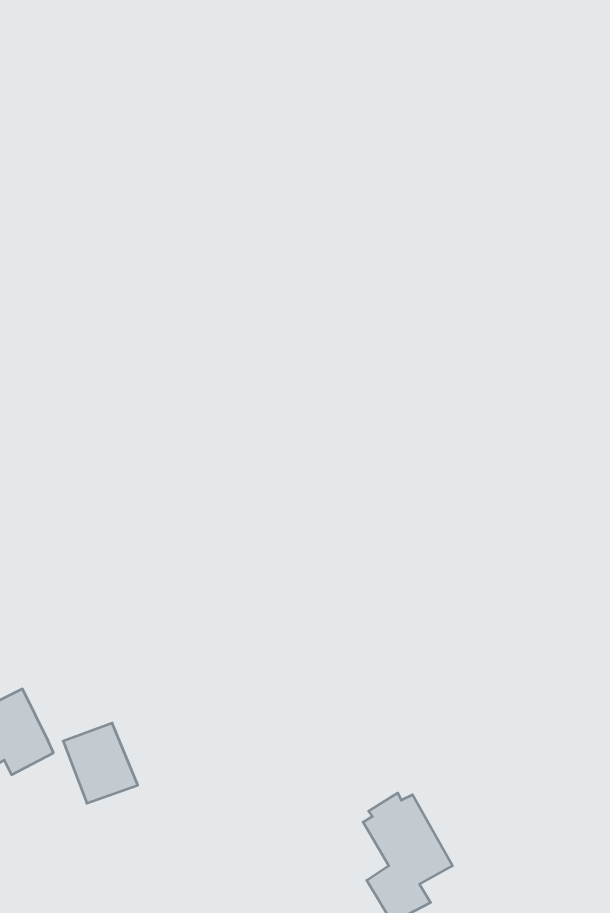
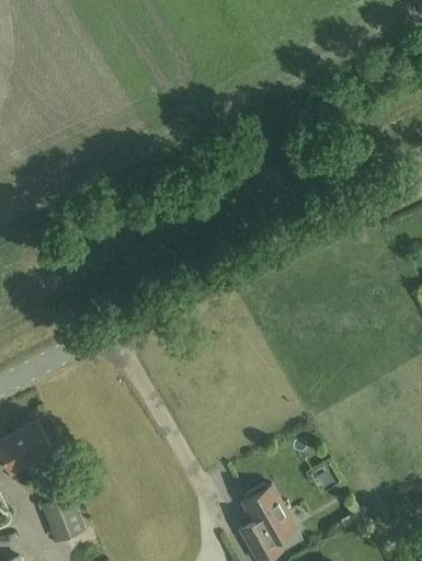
building: [63,723,138,803] -> [39,493,84,541]

